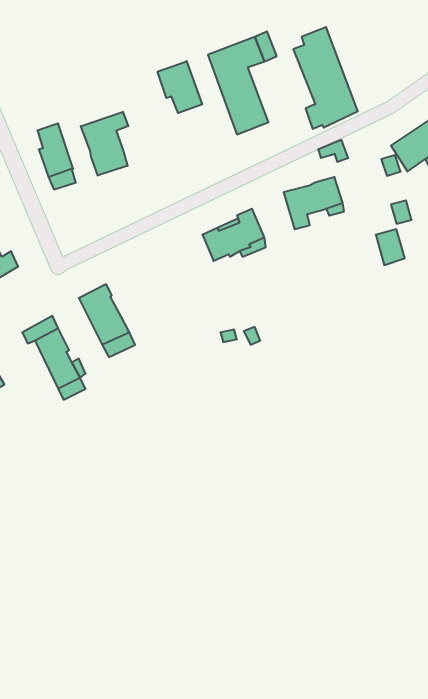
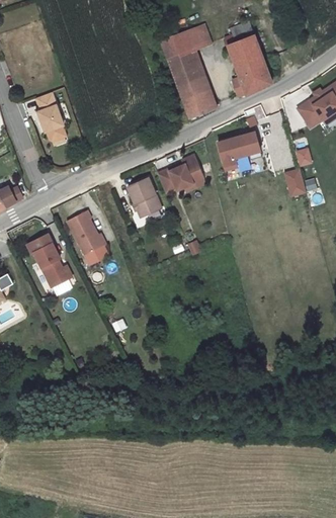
building: [158,61,202,113] -> none
building: [81,112,128,176] -> none
building: none -> [183,91,214,118]
building: none -> [128,178,162,218]

